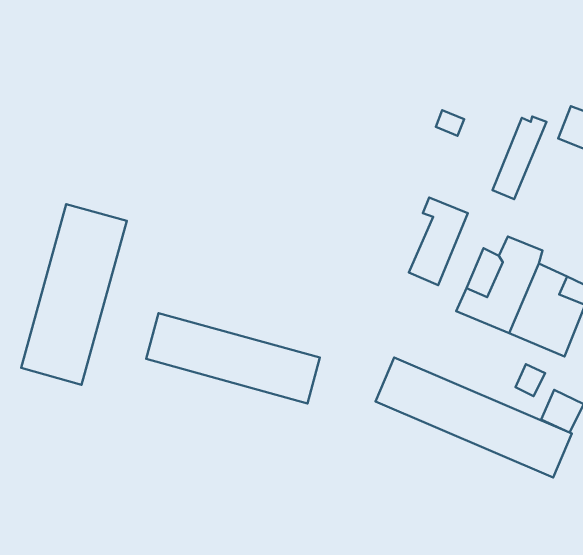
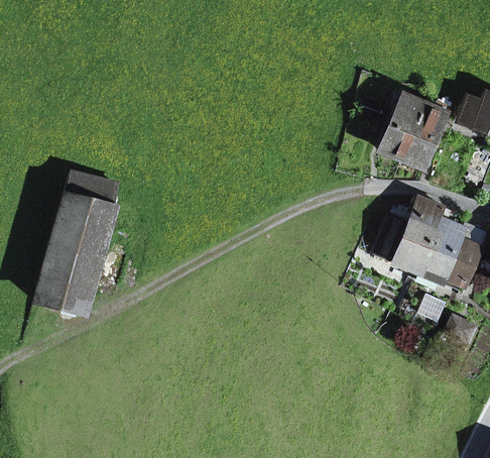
building: [409,198,468,285] -> [381,93,427,161]
building: [146,313,320,403] -> none
building: [376,358,572,477] -> none

